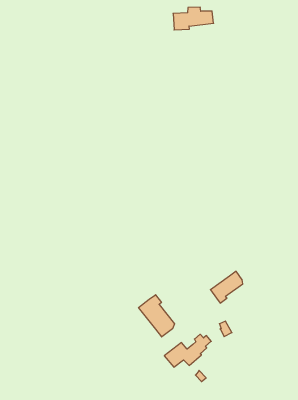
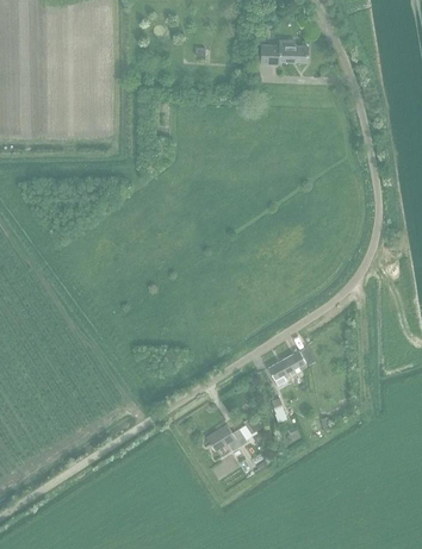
building: [139,295,175,337] -> none

